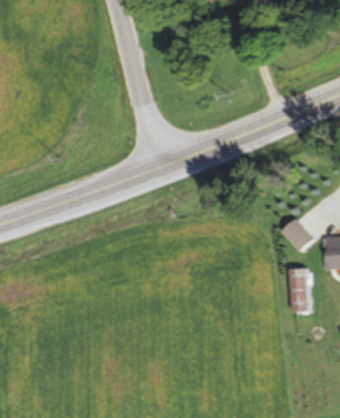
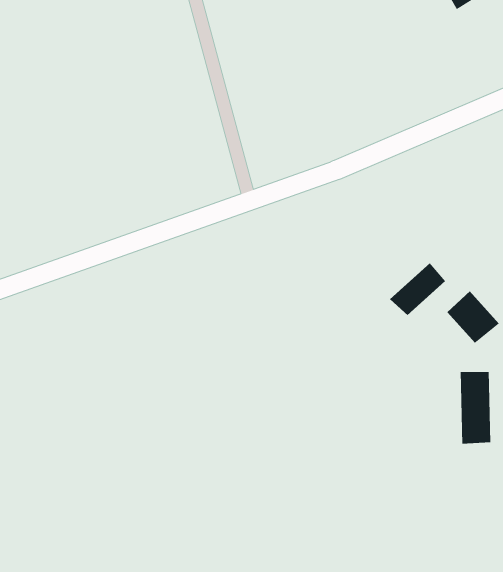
building: none -> [389,263,446,316]

